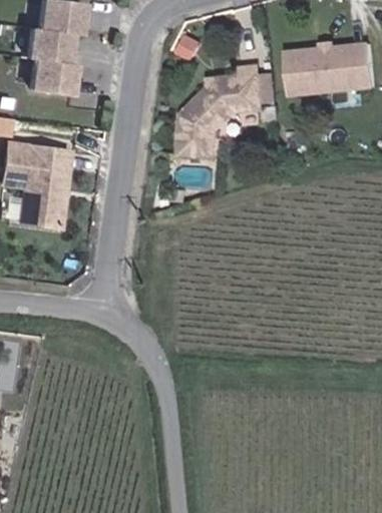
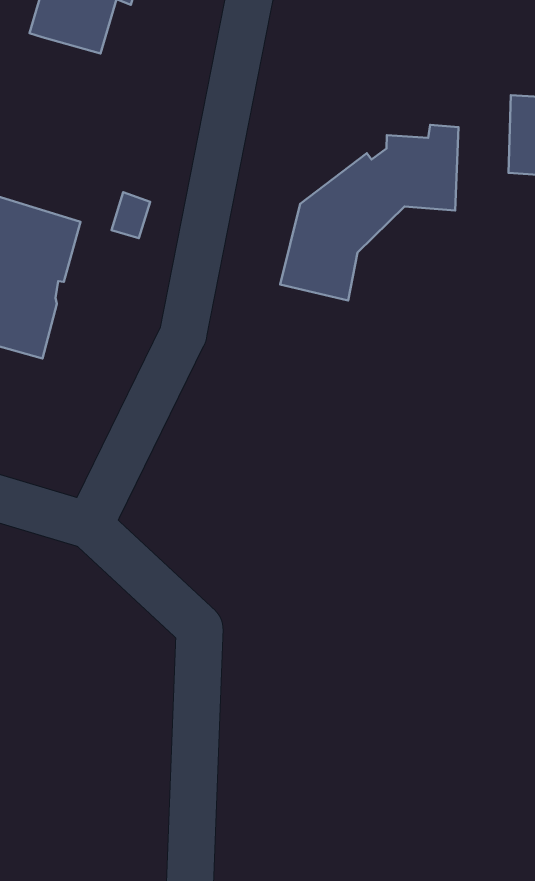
building: [30,59,73,94] -> none

